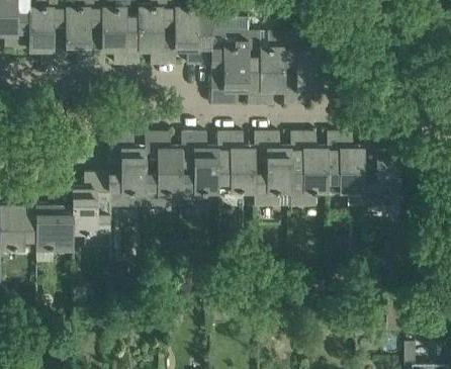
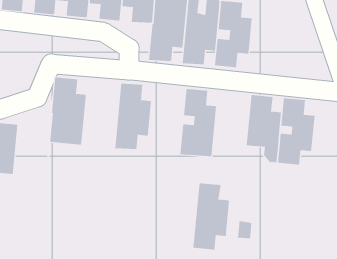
building: [217,132,254,189] -> none
building: [290,132,327,205] -> [193,183,231,250]
building: [145,133,181,206] -> none
building: [72,174,108,246] -> none

